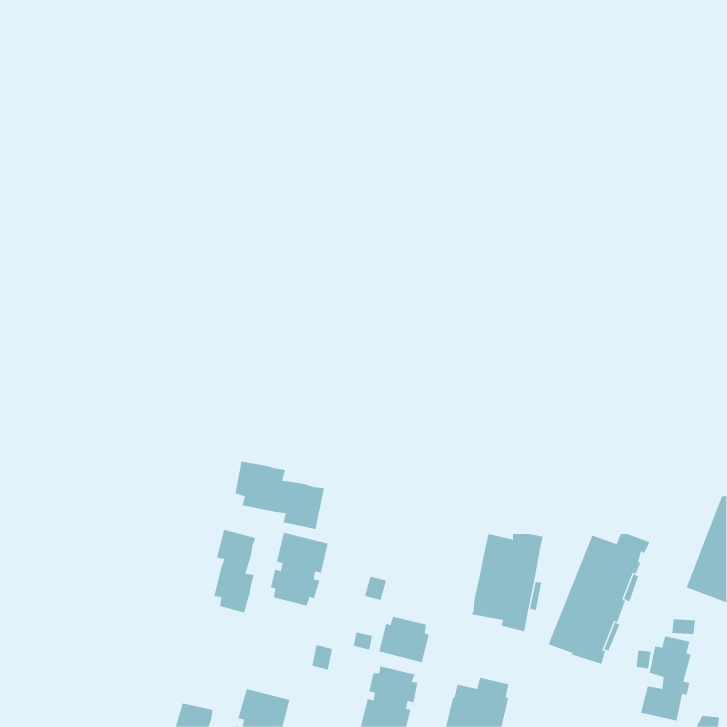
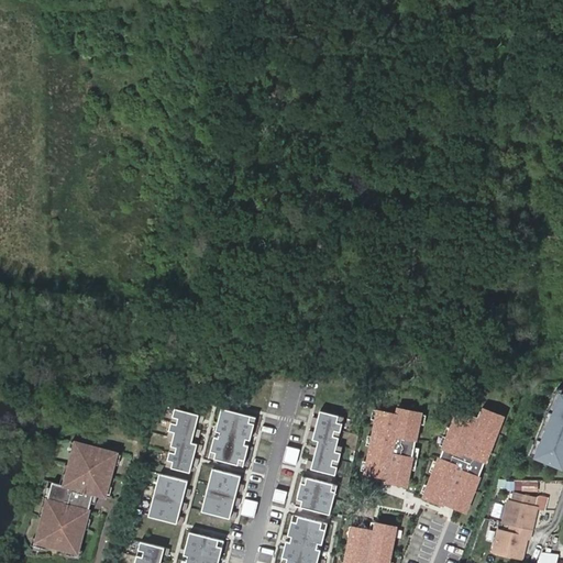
building: [235,461,325,530] -> none
building: none -> [310,410,342,474]
building: none -> [36,441,115,552]
building: none -> [201,470,241,519]
building: none -> [145,474,187,525]

